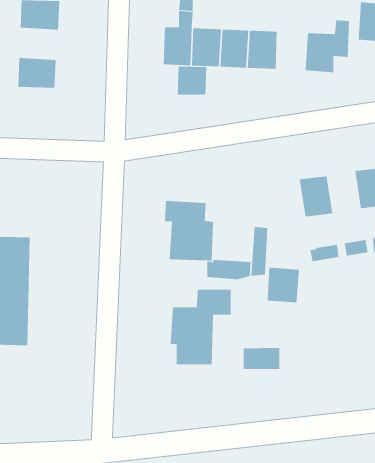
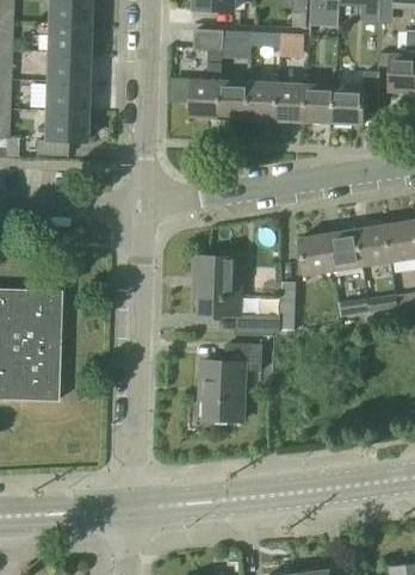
building: none -> [47,80,87,112]
building: none -> [306,84,337,123]
building: [177,66,207,96] -> none
building: none -> [358,224,391,267]
building: none -> [301,233,335,276]
building: [267,267,300,303] -> none
building: [243,347,280,370] -> none

